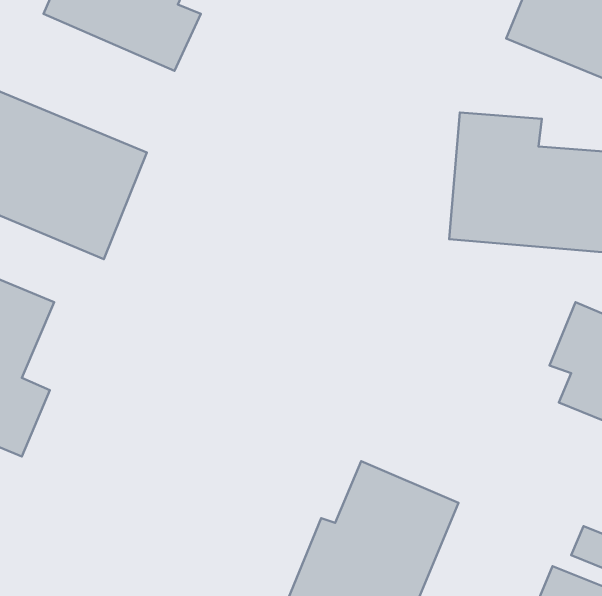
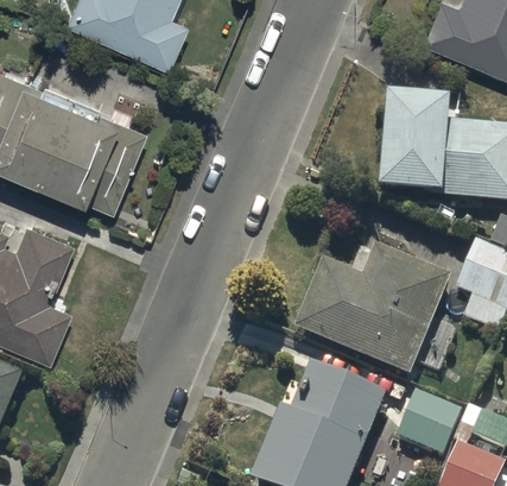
building: none -> [294,246,451,378]
building: none -> [398,392,462,457]

